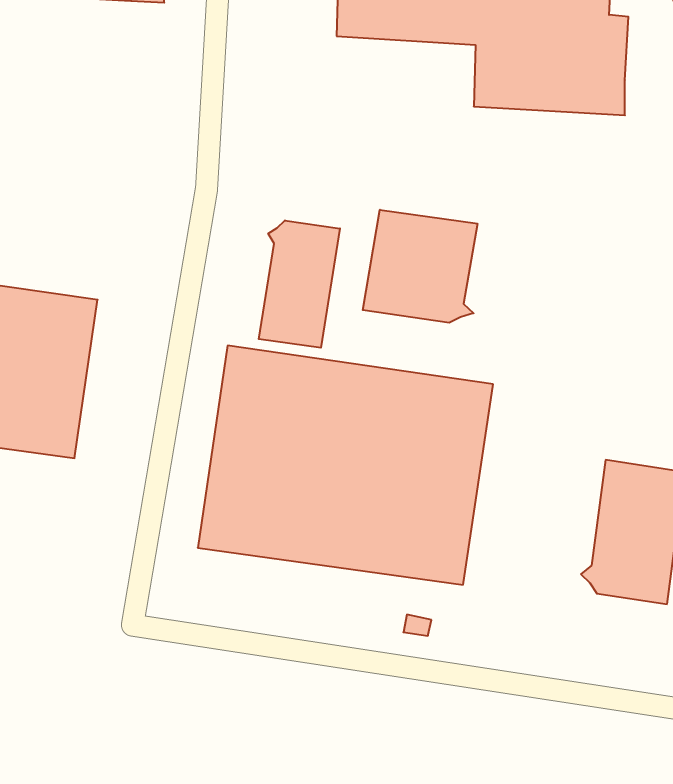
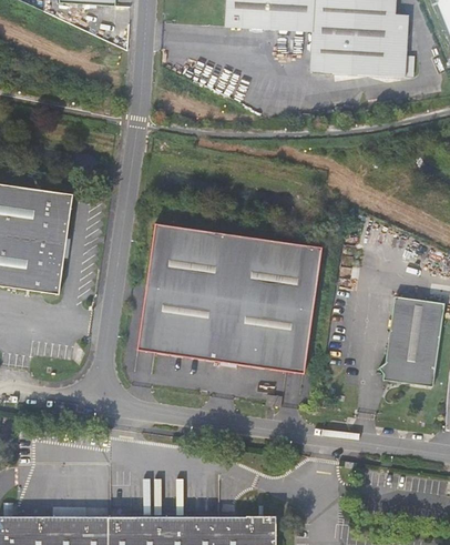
building: [363,210,477,323] -> none
building: [259,220,340,348] -> none

